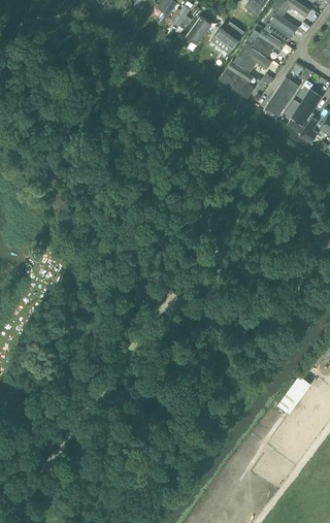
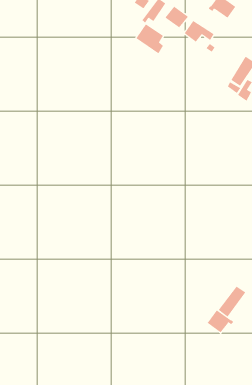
building: [244,28,285,56] -> none
building: [219,60,254,98] -> [136,23,164,54]
building: [264,76,299,118] -> none
building: none -> [207,309,234,333]

